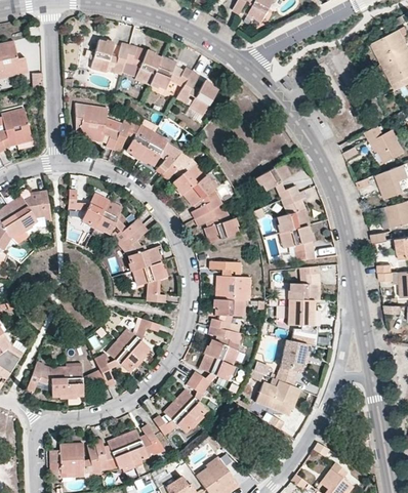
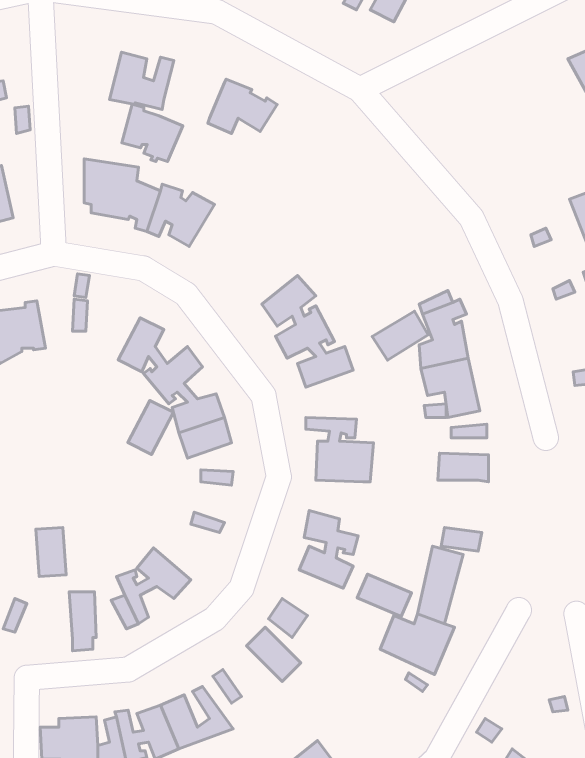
building: [123,45,160,80] -> [122,104,183,162]
building: [175,72,217,115] -> none
building: [138,132,167,166] -> none
building: [156,148,204,193] -> none
building: [257,161,291,191] -> [372,311,428,360]
building: [81,194,109,227] -> [128,400,174,454]
building: [214,299,244,316] -> none
building: [288,299,314,325] -> none
building: [117,328,149,360] -> none
building: [199,354,232,379] -> [357,574,411,616]
building: [49,367,68,397] -> [36,527,66,576]
building: [163,400,195,432] -> none

